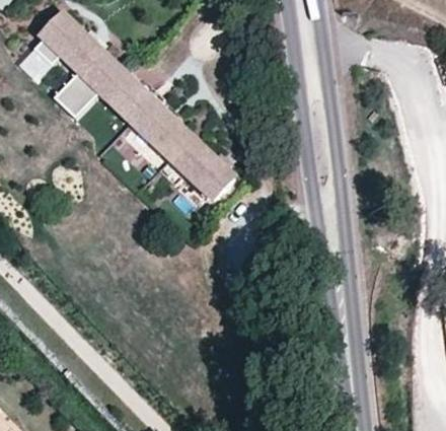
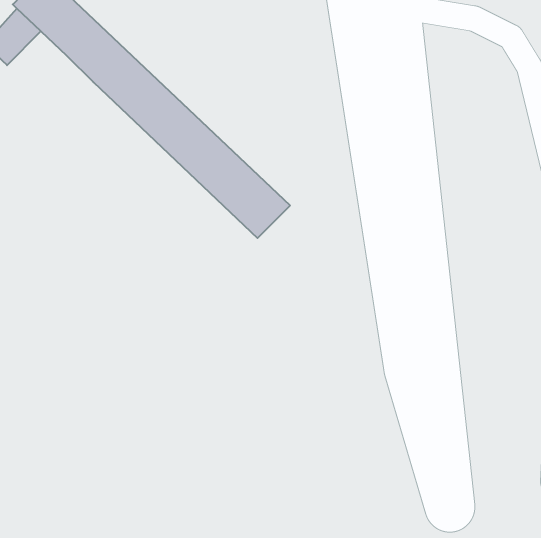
building: [55,71,98,115] -> none

